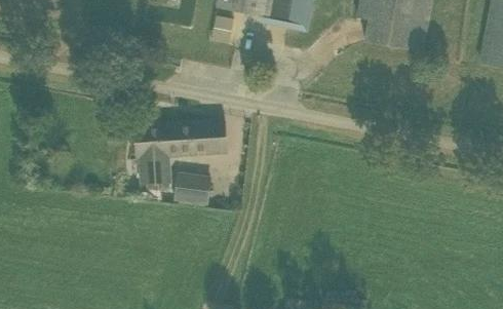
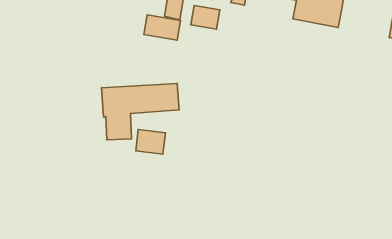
building: none -> [191,6,220,29]
building: none -> [144,15,181,40]

